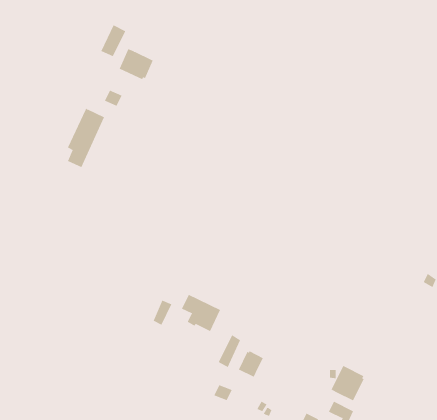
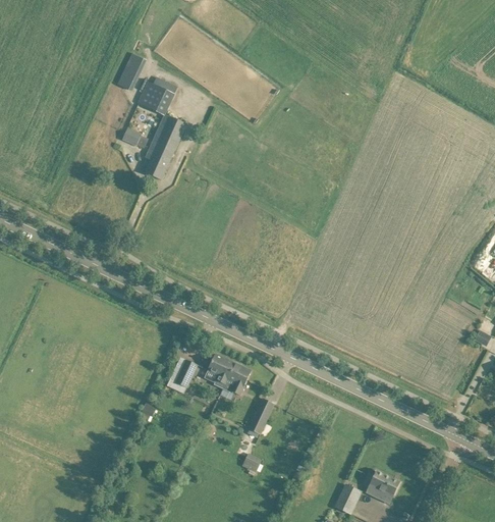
building: [67,108,105,168] -> [145,113,186,179]
building: [238,350,264,378] -> none
building: [331,365,365,401] -> none

